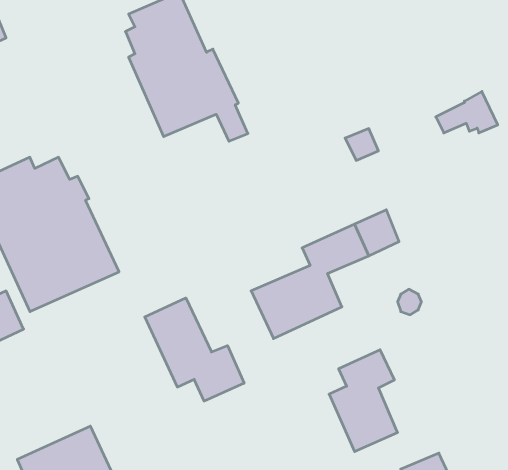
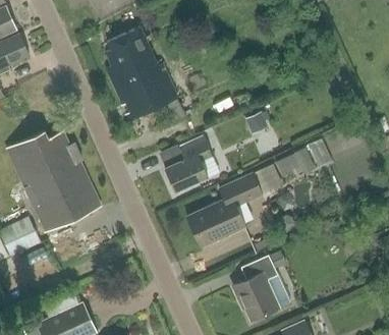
building: [436,91,498,133] -> [276,148,316,174]
building: none -> [165,135,213,190]
building: [145,298,244,401] -> none

